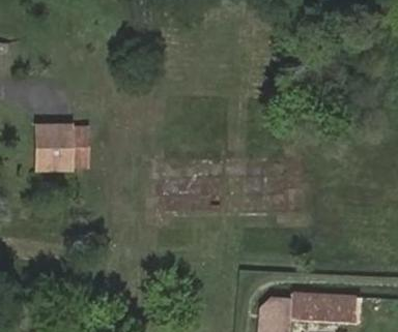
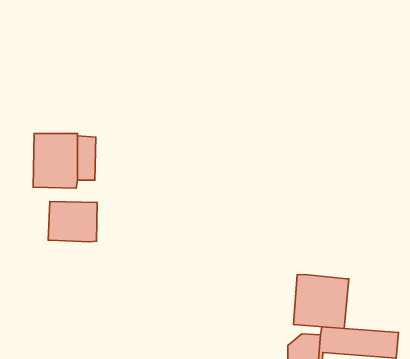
building: none -> [48,201,97,242]
building: none -> [293,274,349,328]

